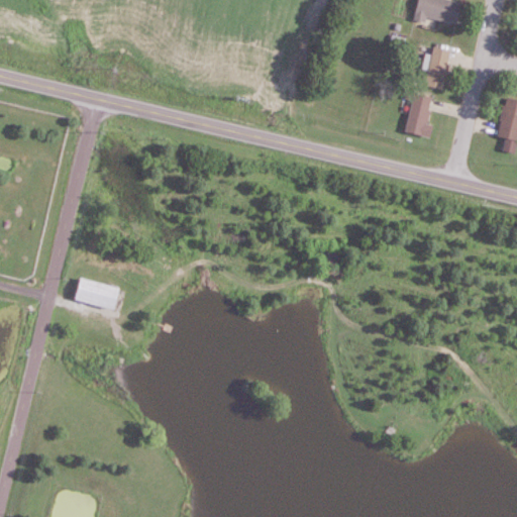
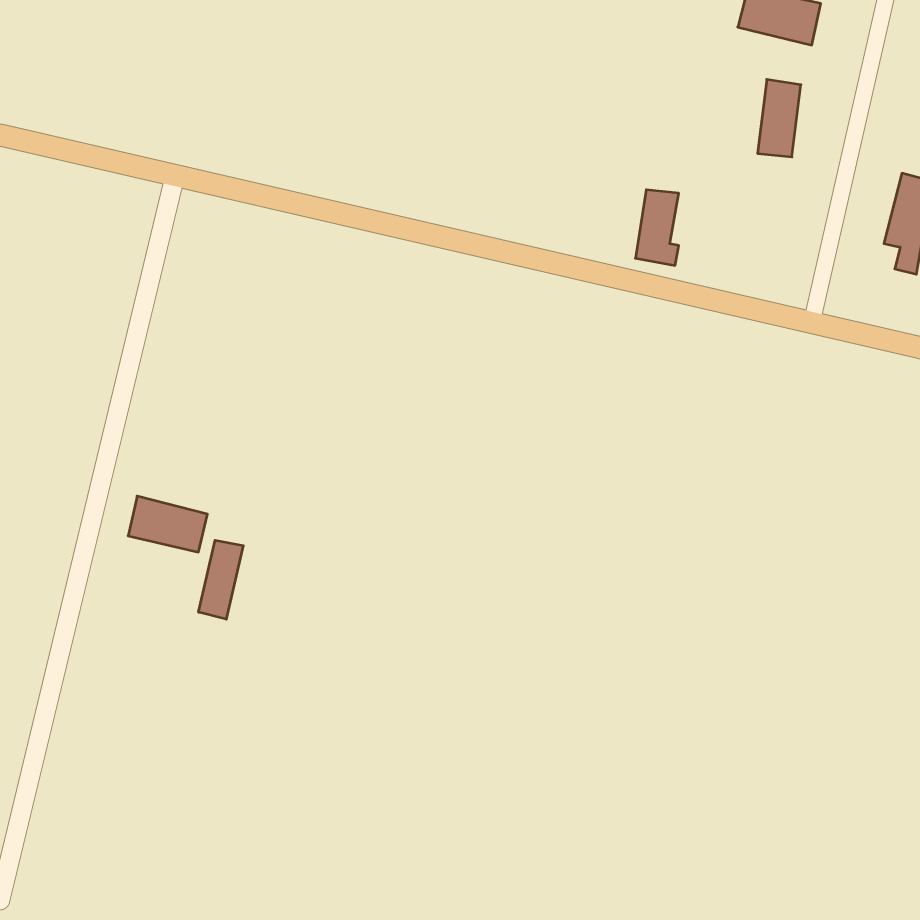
building: [407,94,431,136] -> [635,190,679,265]
building: none -> [199,540,243,619]

